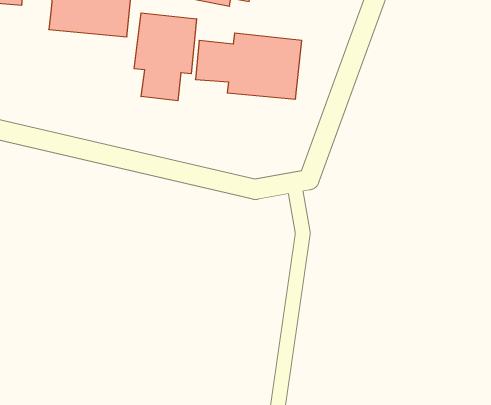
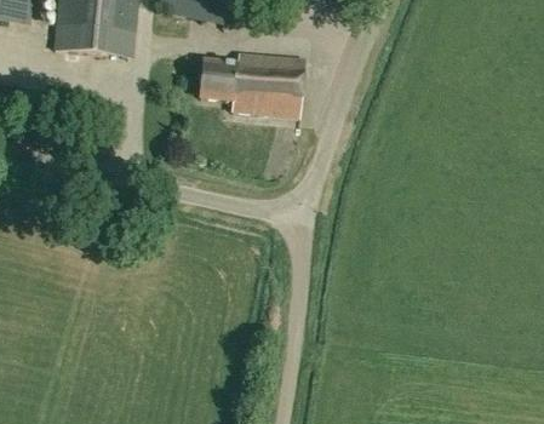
building: [134,13,197,101] -> none

